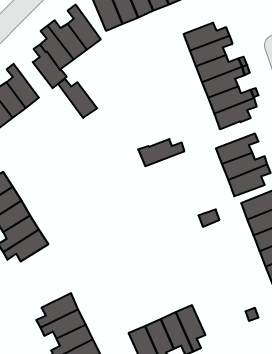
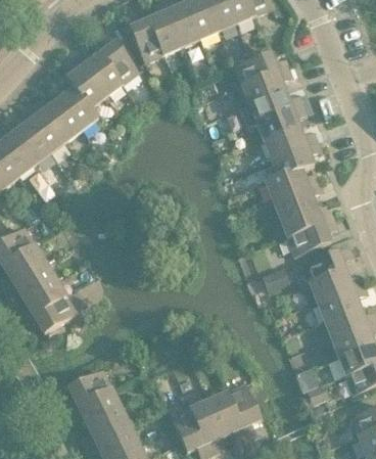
building: [58,79,97,118] -> [36,94,82,140]
building: [138,139,184,166] -> [265,168,319,199]

